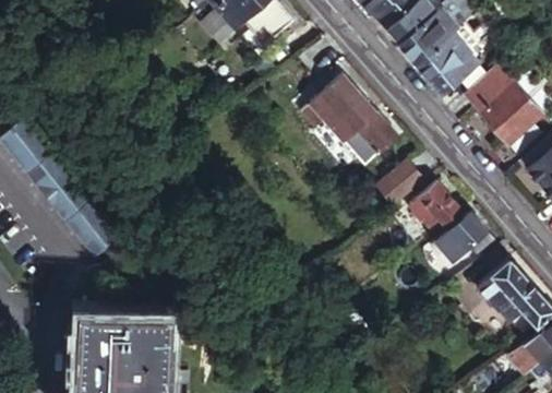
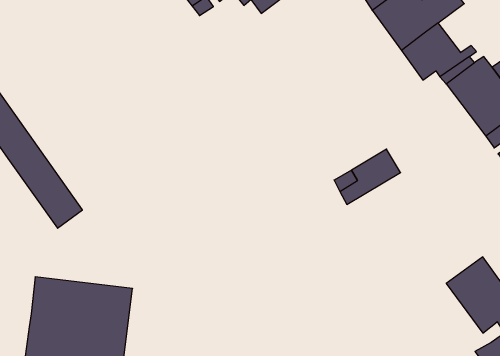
building: [300,71,400,163] -> none
building: [422,182,461,230] -> none
building: [439,212,493,259] -> none

